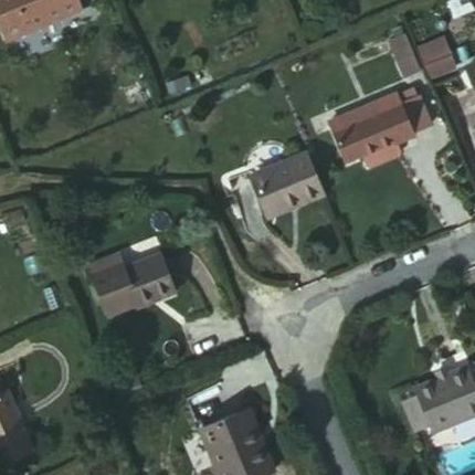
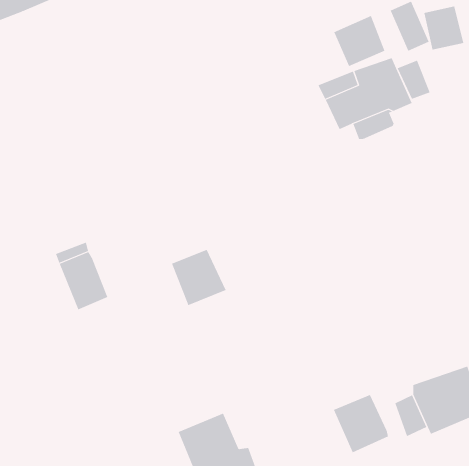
building: none -> [333,15,385,67]
building: [252,148,323,211] -> none
building: [120,256,171,308] -> [171,249,227,306]
building: none -> [333,394,389,453]

